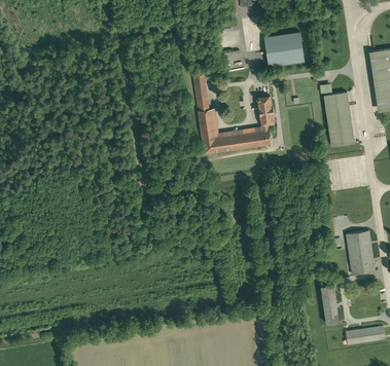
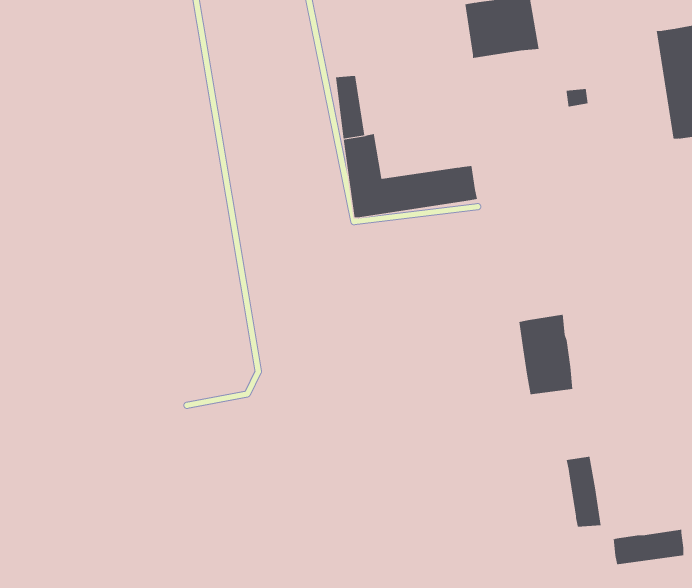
building: [324,92,355,146] -> none
building: [257,96,276,126] -> none
building: [346,229,376,273] -> [519,314,573,395]

